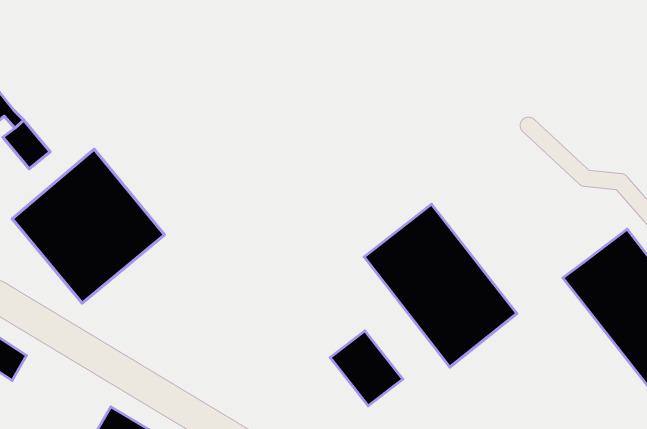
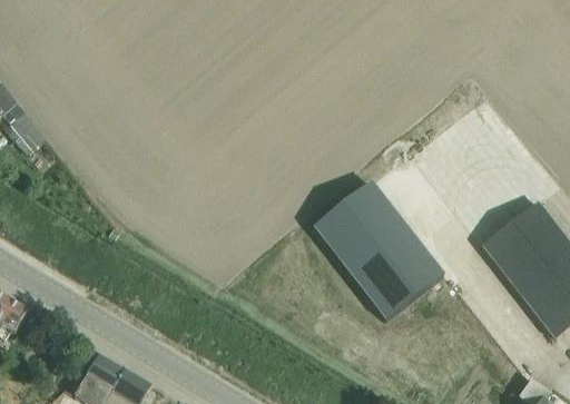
building: [12,149,164,303] -> none
building: [330,331,403,406] -> none

